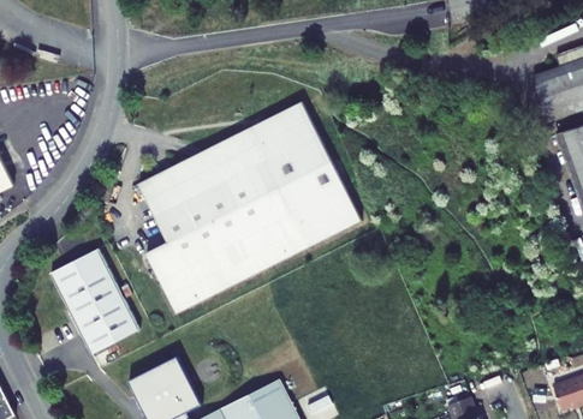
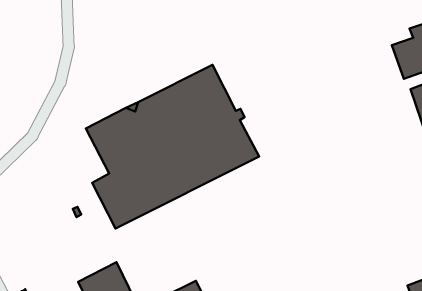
building: [49,249,138,353] -> none

